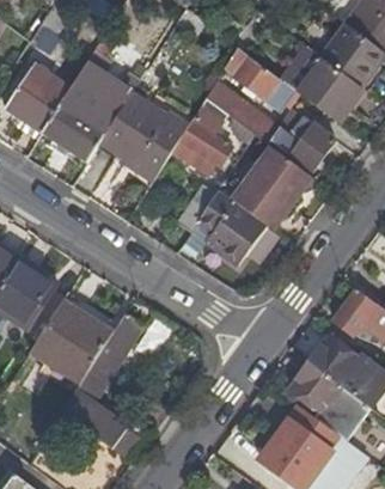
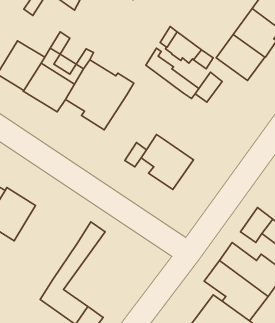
building: [179,109,233,165] -> none
building: [286,121,335,170] -> none
building: [230,146,311,230] -> none
building: [33,305,114,384] -> none

